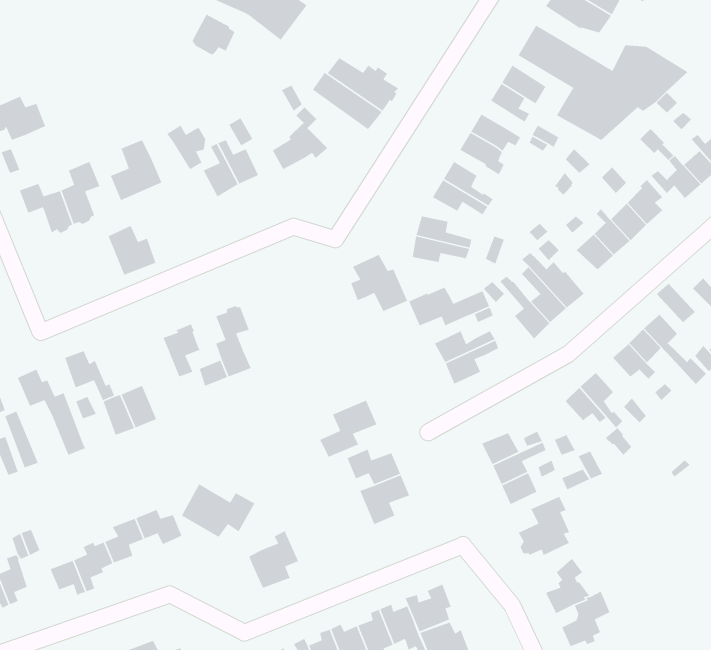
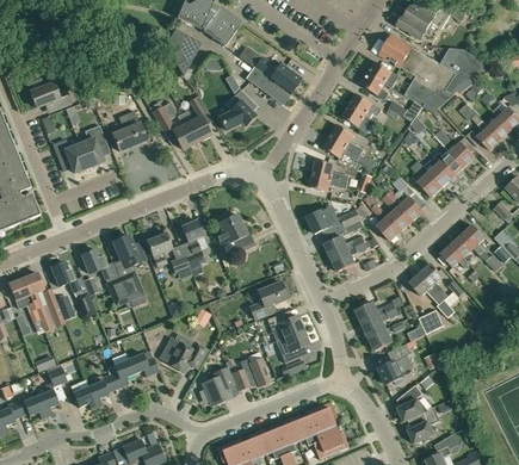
building: [108,225,157,276] -> [113,234,146,267]
building: [350,254,408,312] -> [217,213,255,252]
building: none -> [233,351,271,389]

